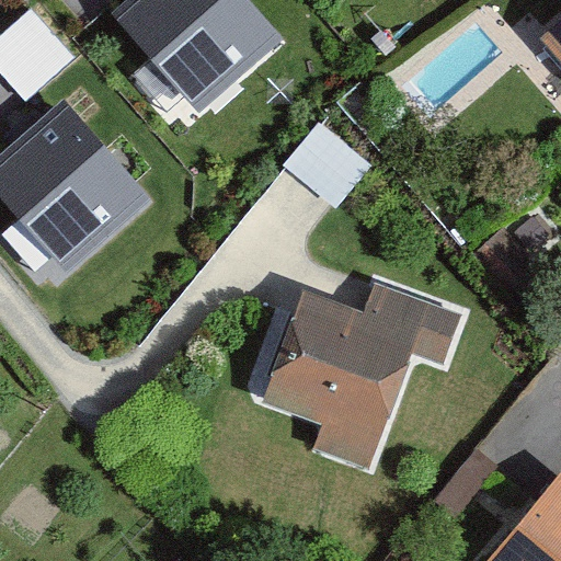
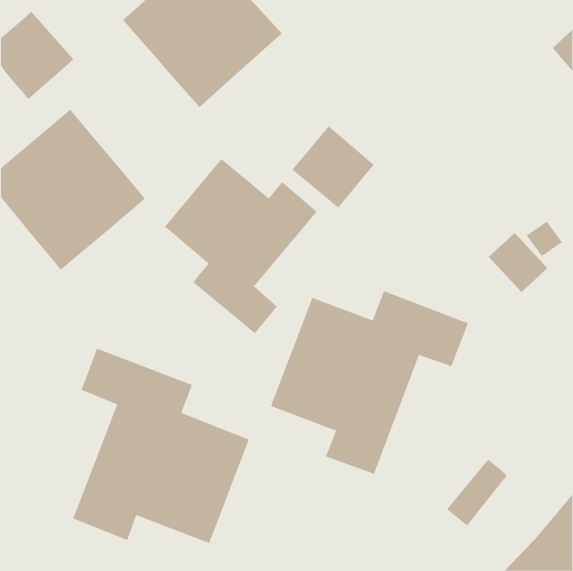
building: none -> [164,158,318,334]
building: none -> [73,348,249,544]

